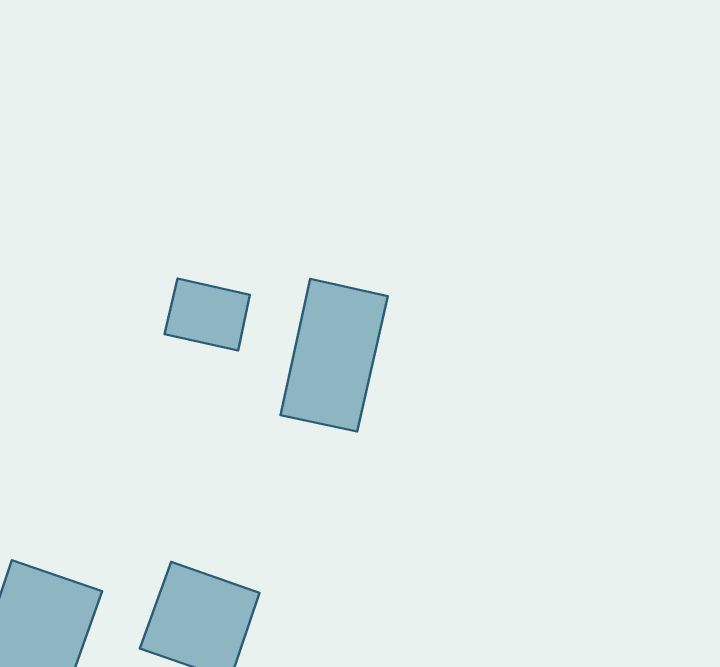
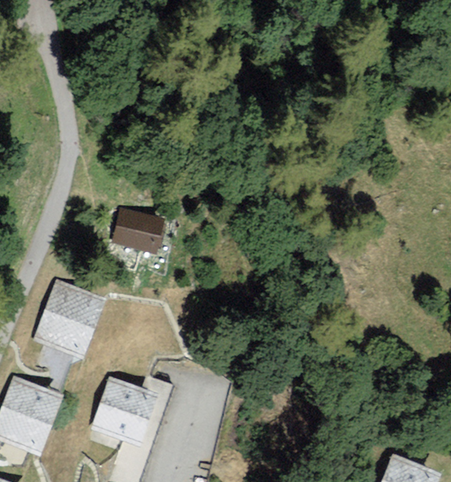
building: [281,279,388,432] -> none
building: none -> [33,283,109,361]

